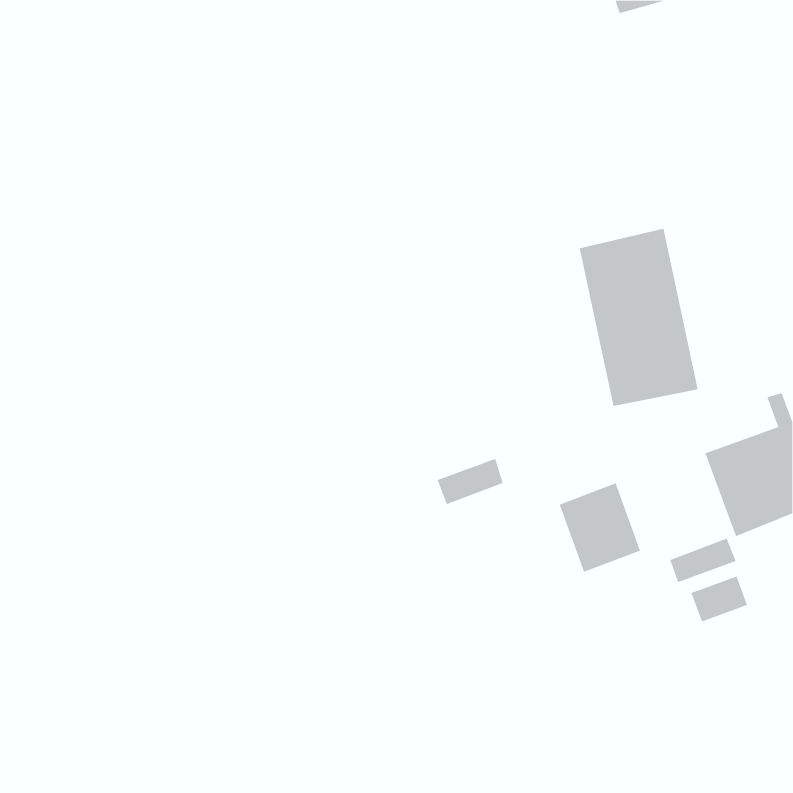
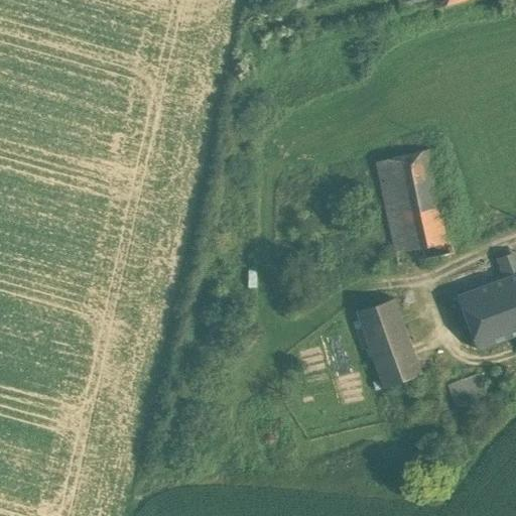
building: [437,458,504,505] -> [357,297,400,328]
building: [670,538,736,583] -> [379,358,422,387]

